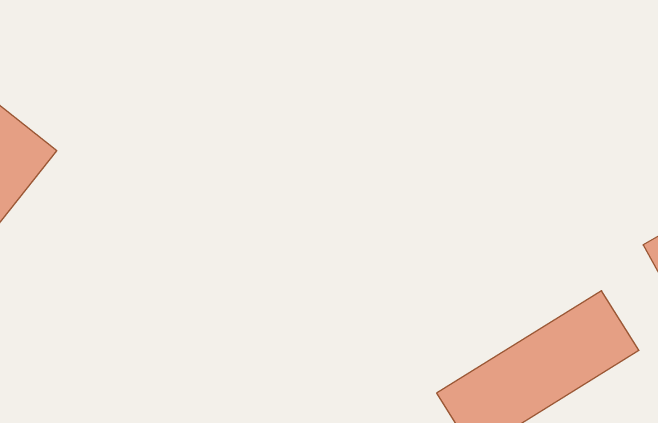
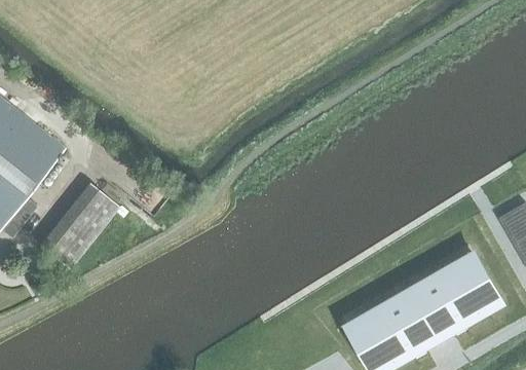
building: none -> [38,182,119,269]

